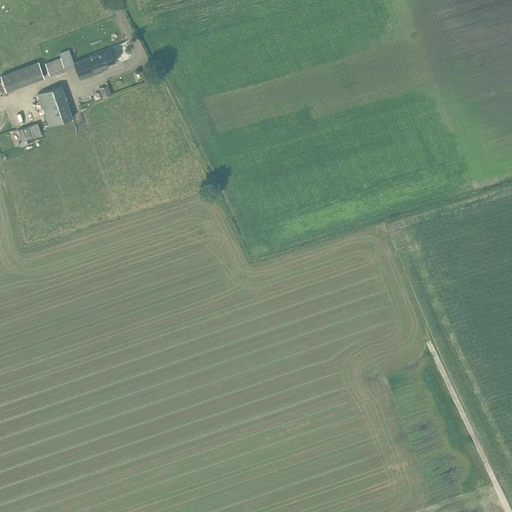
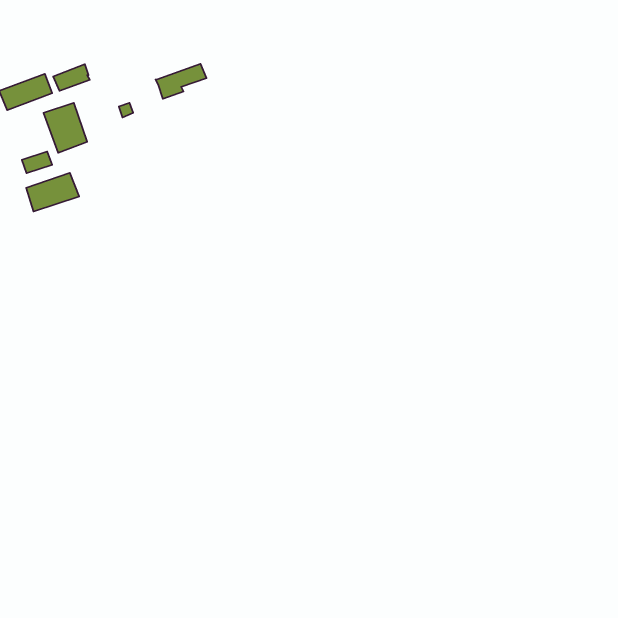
building: [72,50,114,79] -> [156,64,206,99]
building: none -> [26,173,79,212]

